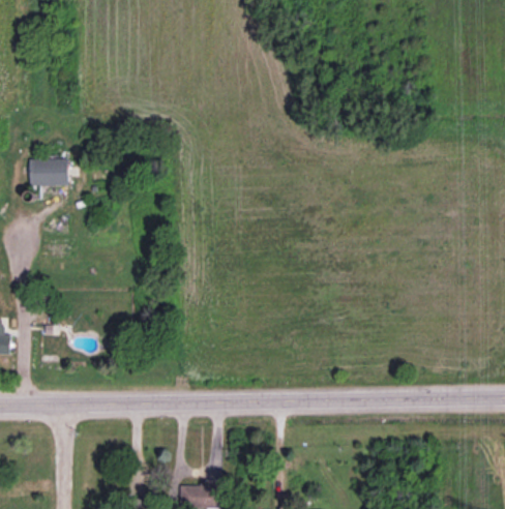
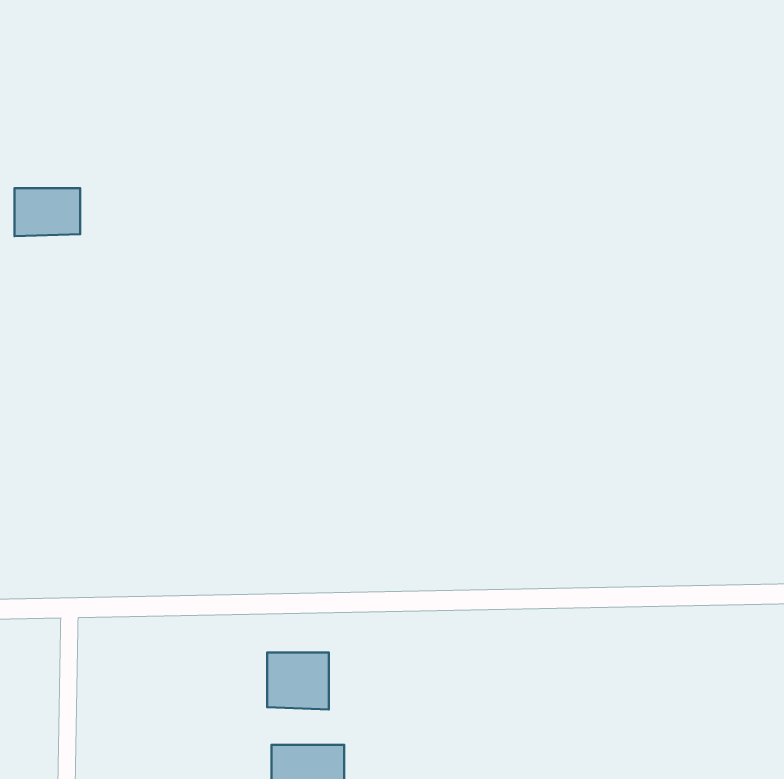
building: none -> [267,652,329,709]

